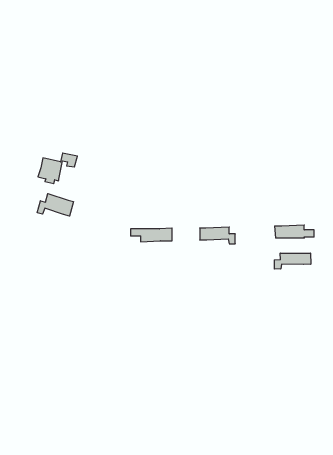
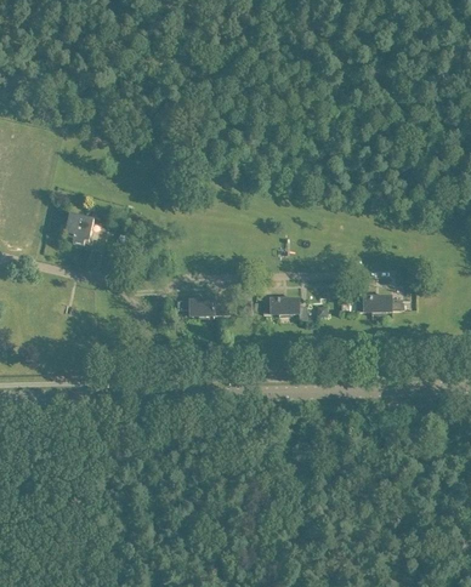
building: [37,194,73,216] -> none
building: [274,253,311,269] -> none

